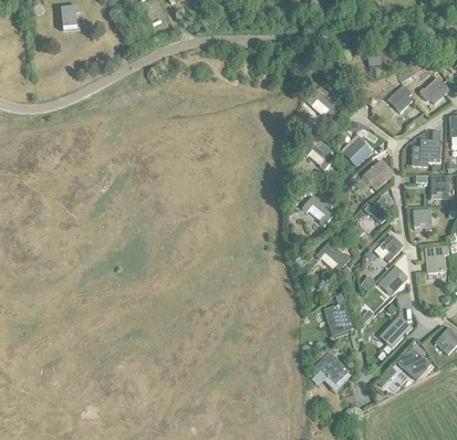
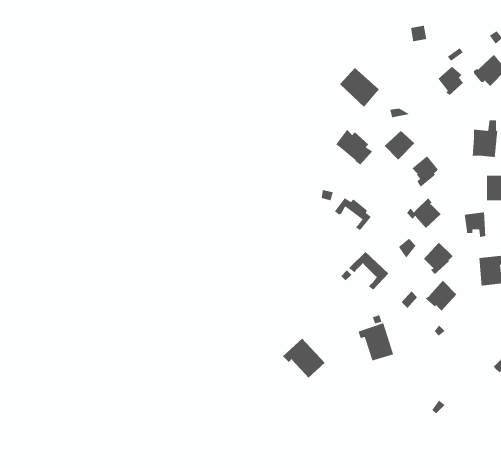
building: [380,315,411,346] -> none
building: [397,343,429,374] -> none
building: [311,352,347,386] -> [282,338,326,379]

